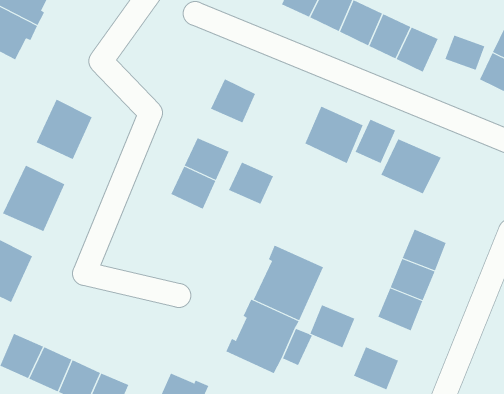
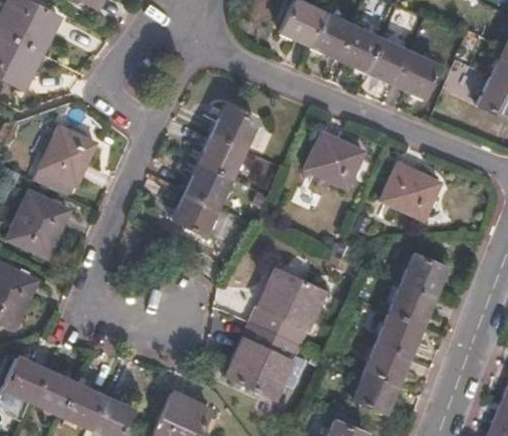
building: [355,119,396,164] -> none
building: [228,162,274,204] -> [199,135,244,177]
building: [309,304,355,348] -> [365,341,411,384]

